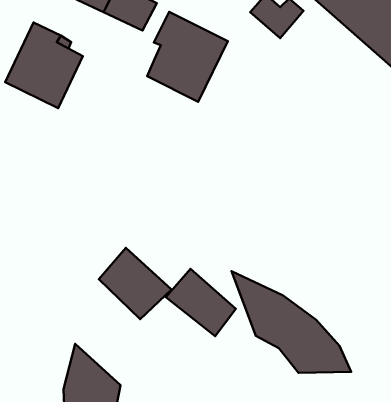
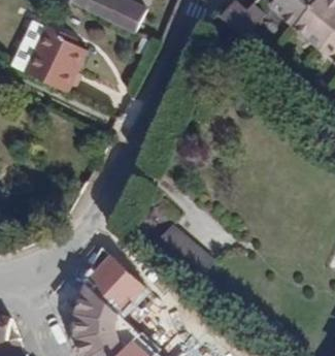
building: [147,12,228,102] -> none
building: [99,248,171,319] -> [87,253,144,310]
building: [232,271,351,373] -> none

